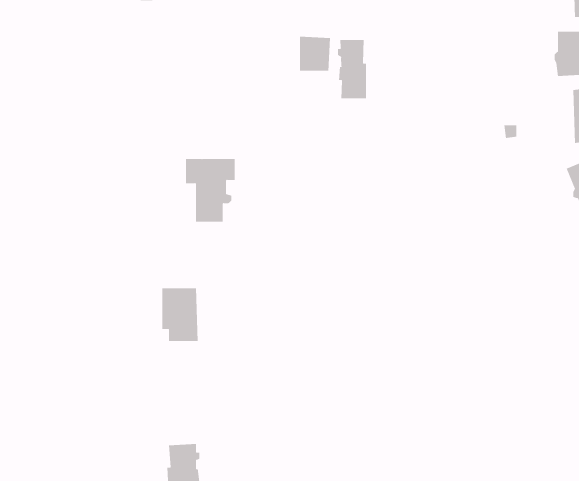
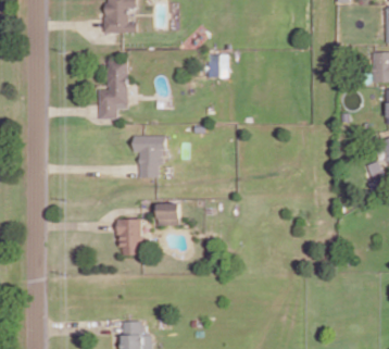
building: [337,39,366,99] -> none
building: none -> [98,59,128,119]
building: none -> [156,202,178,225]

